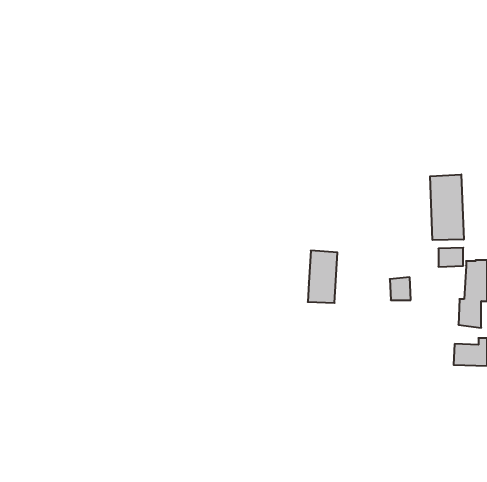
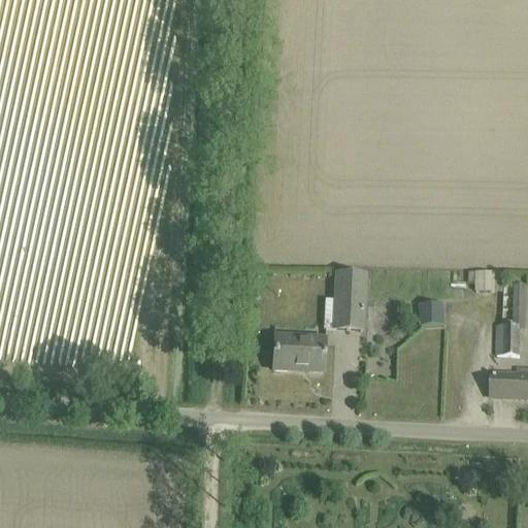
building: [430,174,464,240] -> none
building: none -> [272,334,325,369]

